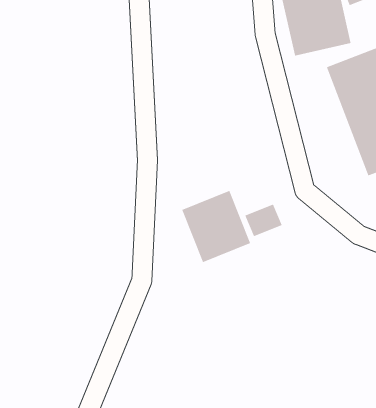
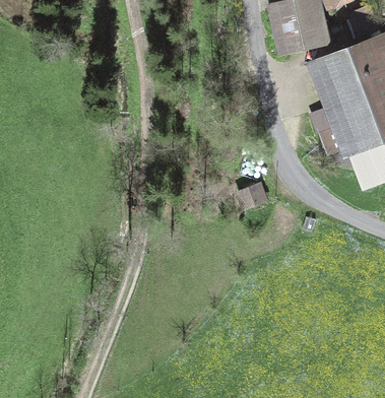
building: [181,190,251,263] -> none

